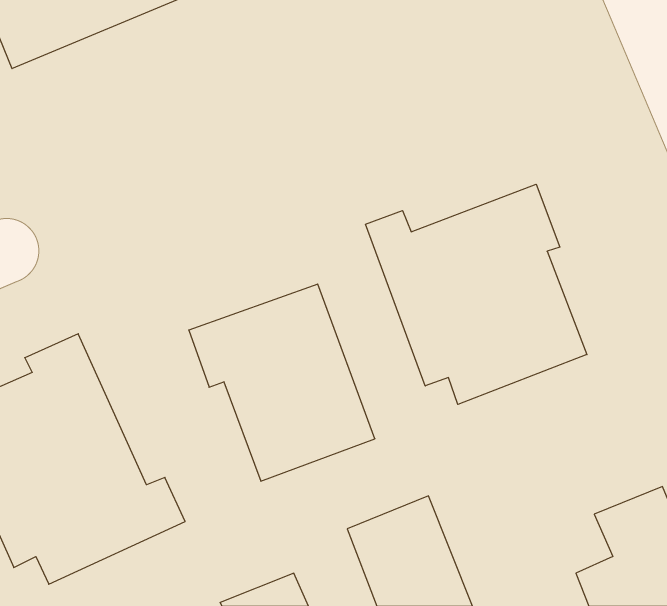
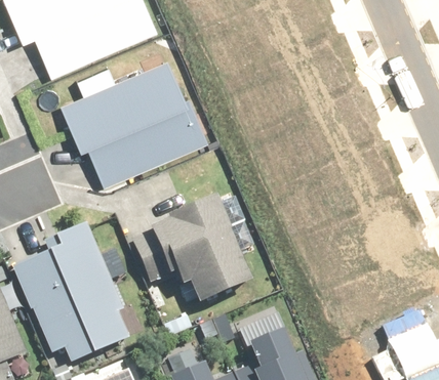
building: none -> [62,62,202,187]
building: [366,184,587,404] -> none

